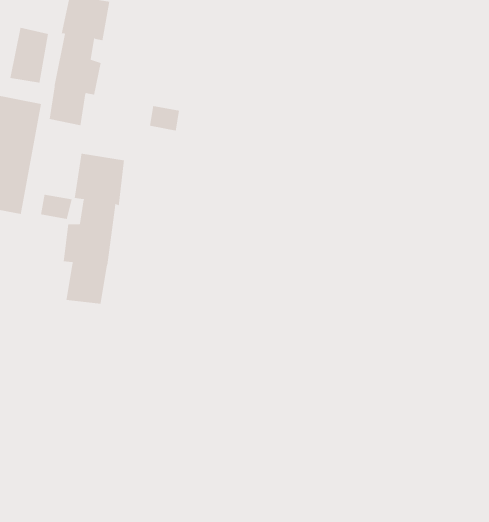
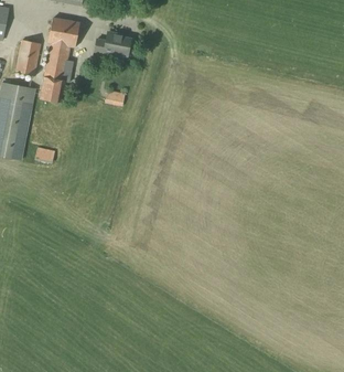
building: none -> [93,31,130,54]
building: [63,153,125,304] -> none

